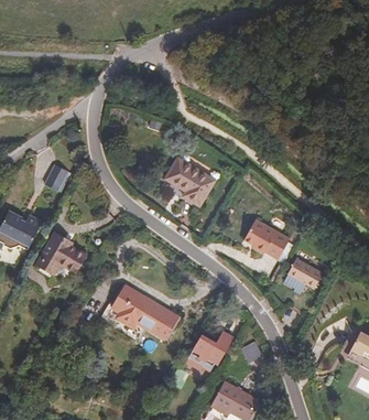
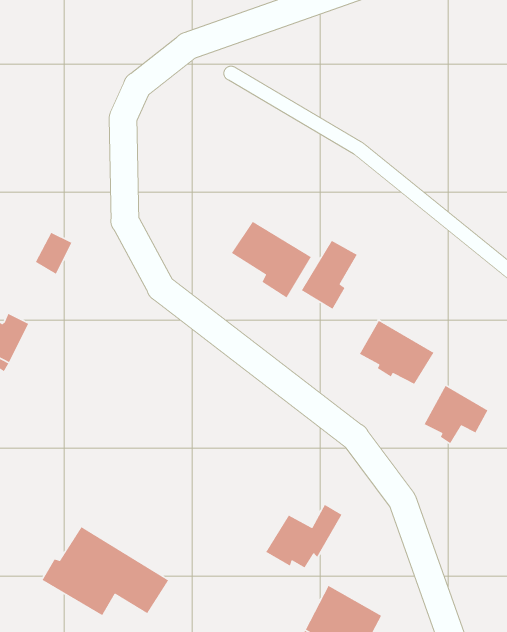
building: none -> [301,240,358,310]
building: [40,234,84,270] -> none
building: [100,283,178,338] -> [41,526,169,616]

